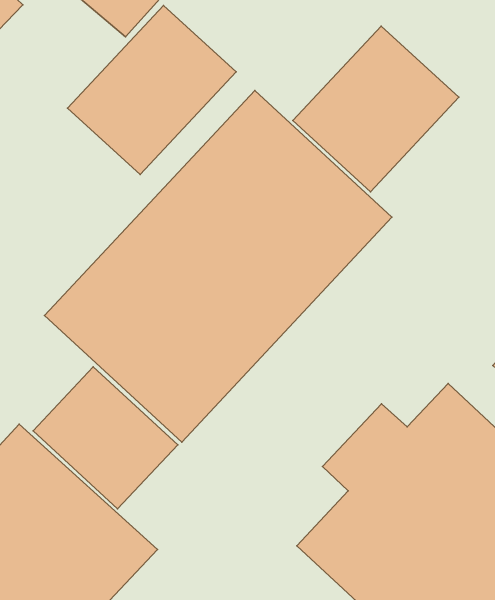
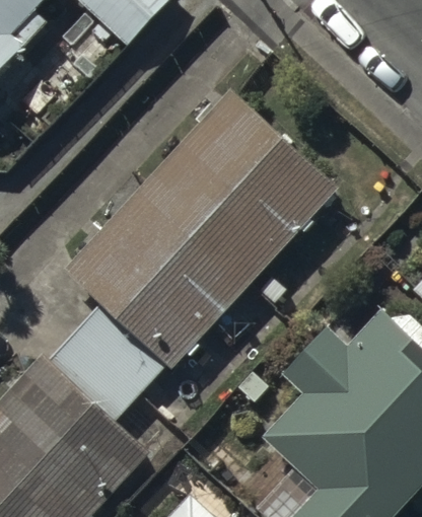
building: [67,5,236,175] -> none
building: [293,26,459,192] -> none

